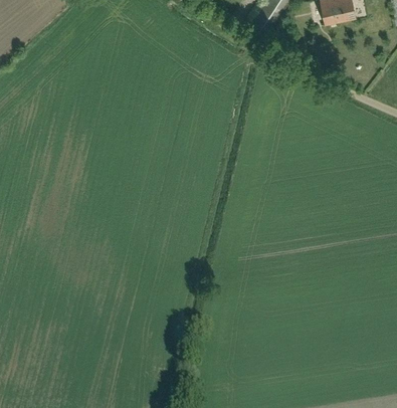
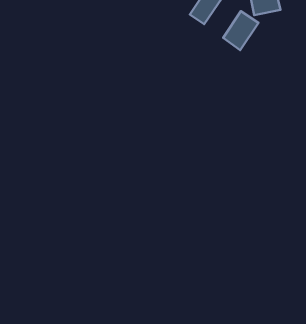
building: none -> [223,11,258,50]

